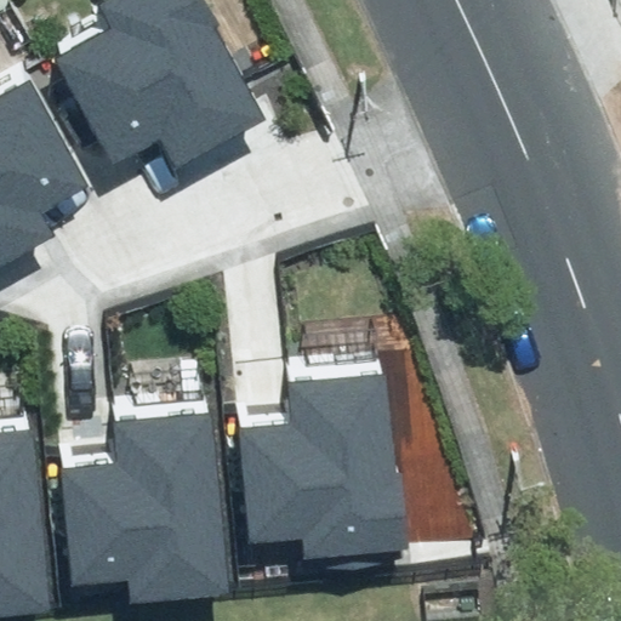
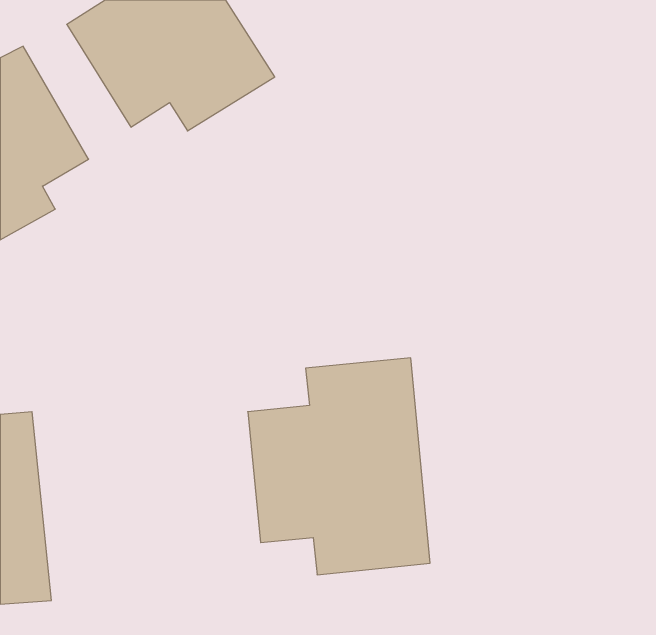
building: [61,393,227,581] -> none

